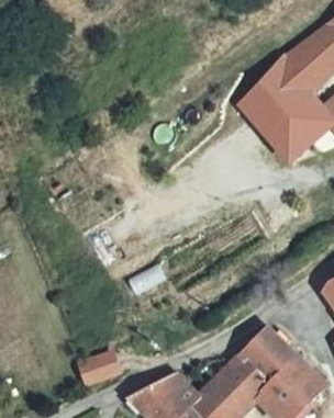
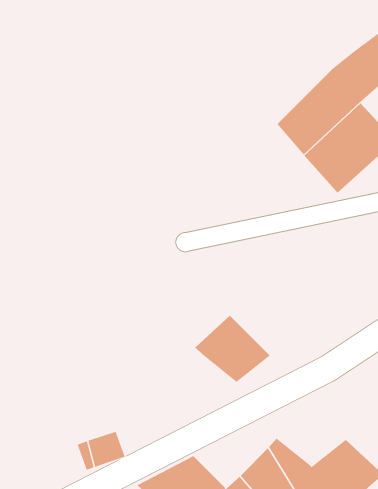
building: [232,327,293,382] -> [195,315,271,383]

